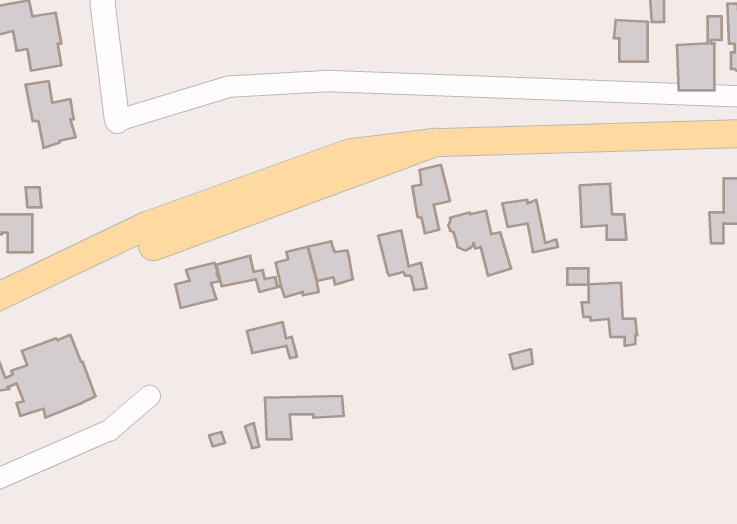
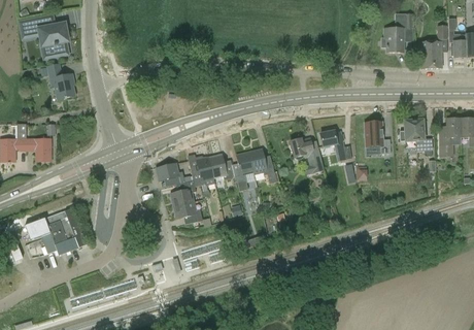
building: [412,165,450,233] -> [232,152,253,191]
building: [175,263,220,308] -> [170,180,196,206]
building: [581,283,637,346] -> [400,120,432,156]

